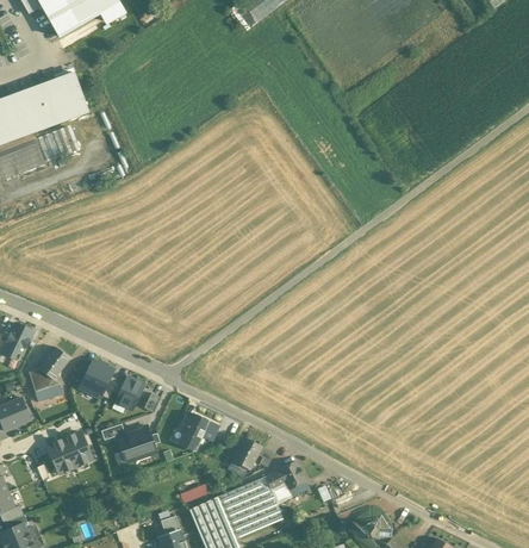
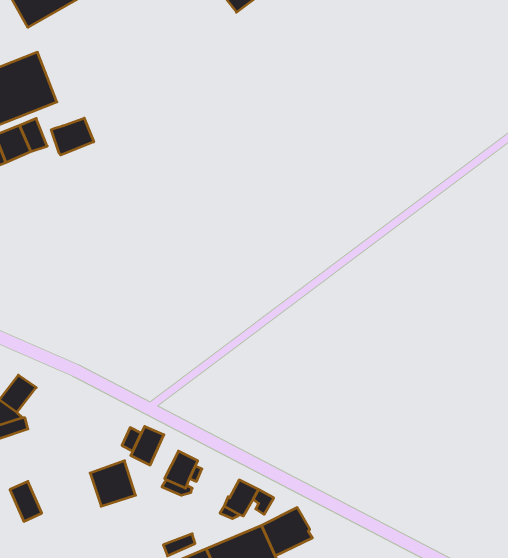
building: none -> [51,118,94,155]
building: [79,354,116,394] -> none
building: [116,374,144,407] -> [131,426,164,465]
building: [63,431,92,466] -> none

